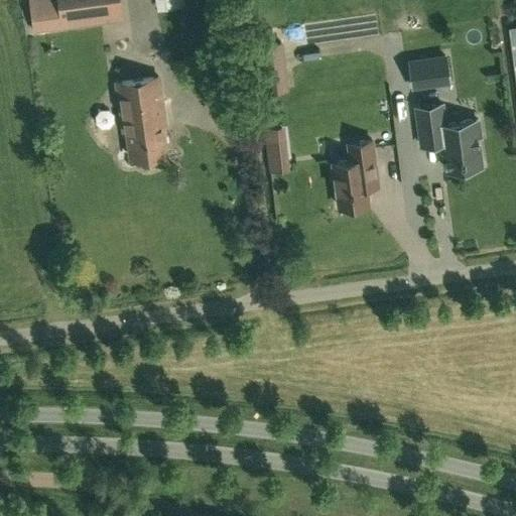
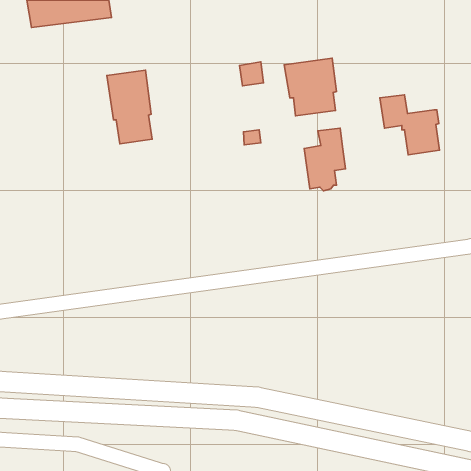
building: [409,55,449,87] -> none
building: none -> [284,58,337,116]

